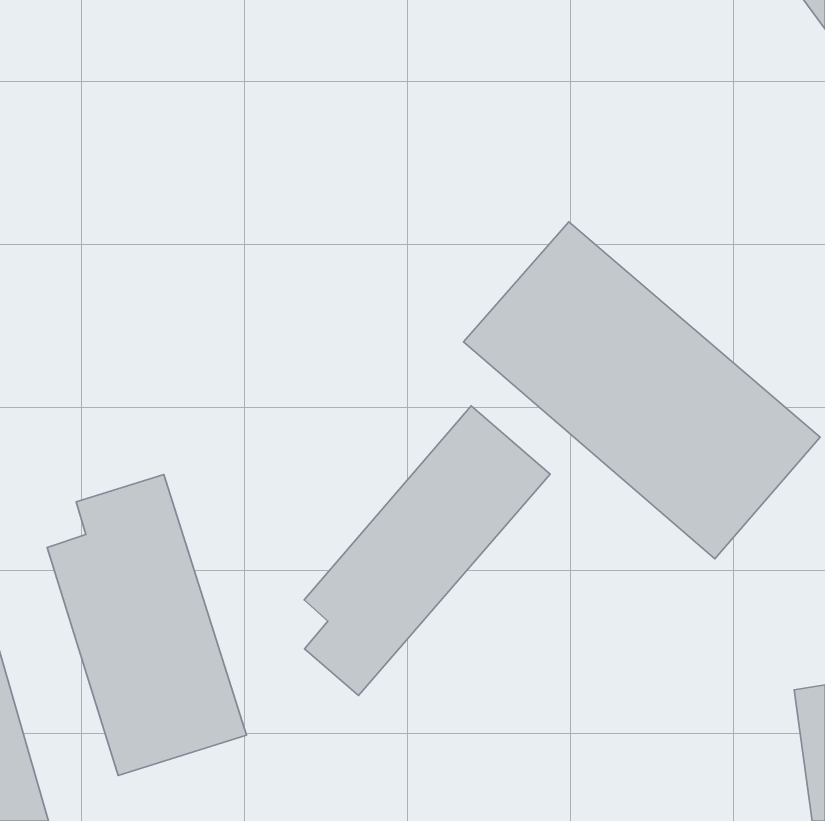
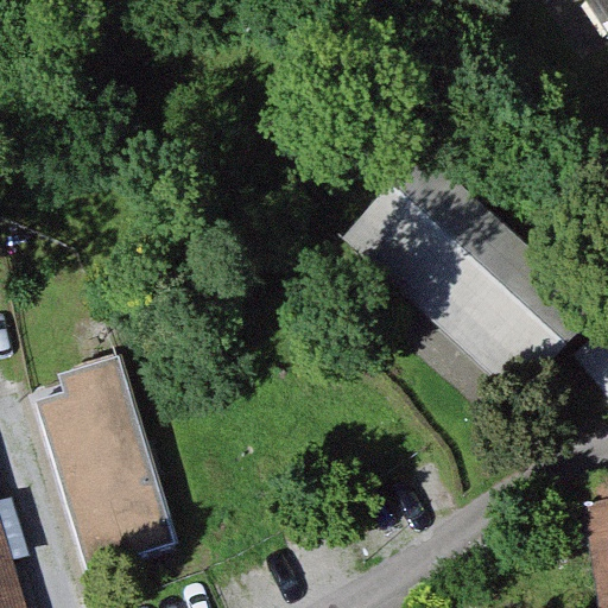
building: [304,406,550,696] -> none

